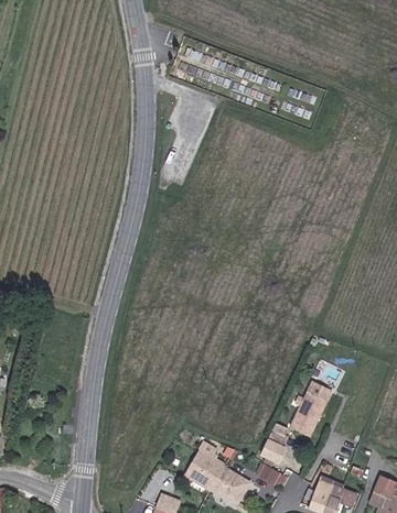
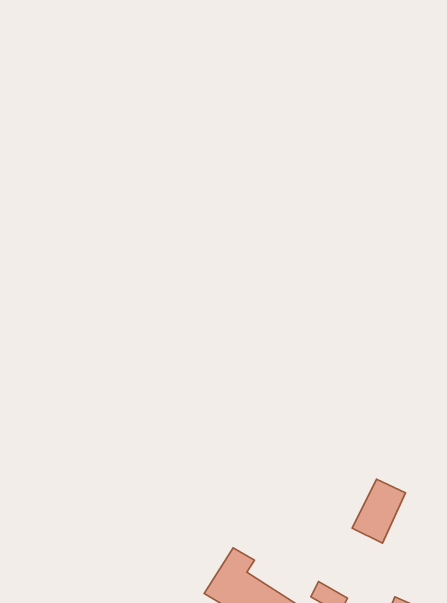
building: [260,430,289,461] -> none

